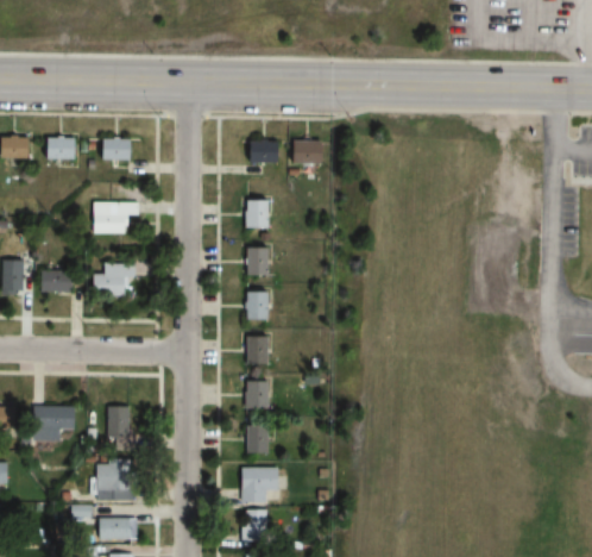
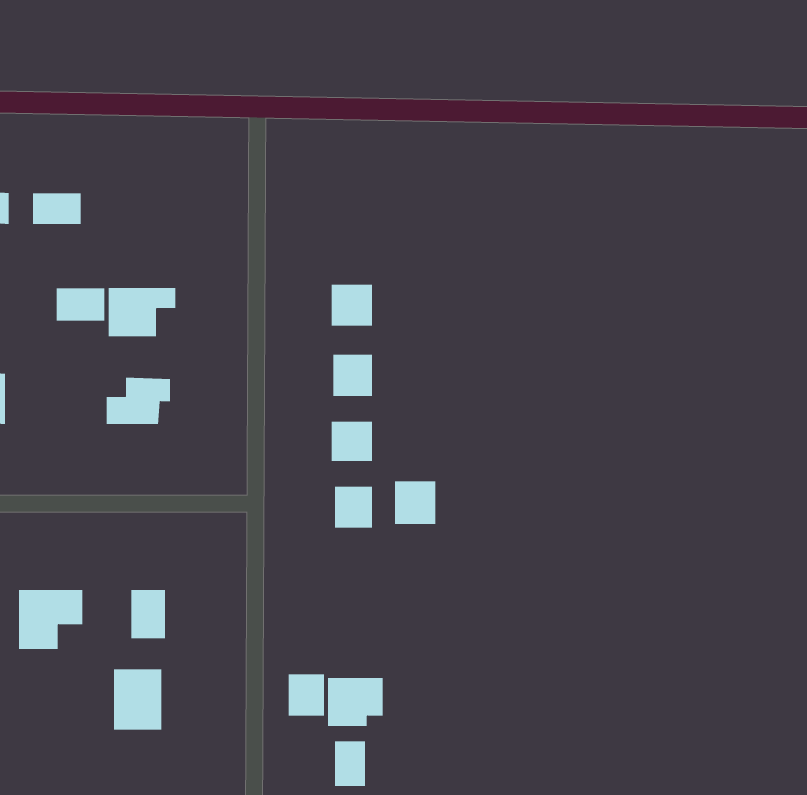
building: [97,138,133,159] -> none
building: [289,140,320,164] -> none
building: [246,142,282,162] -> none
building: [40,269,74,292] -> [56,288,105,321]
building: [245,378,273,408] -> [394,481,436,525]
building: [247,425,272,453] -> [288,674,325,716]
building: [97,518,134,539] -> none

